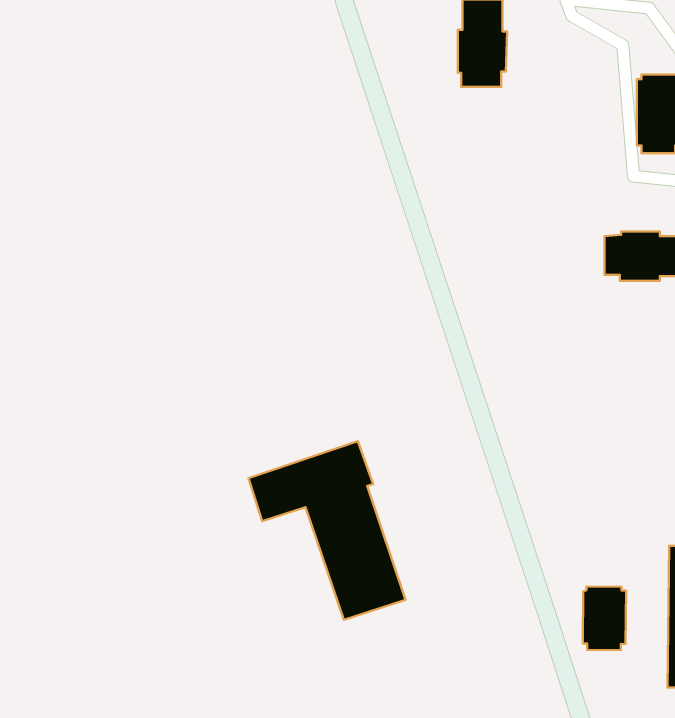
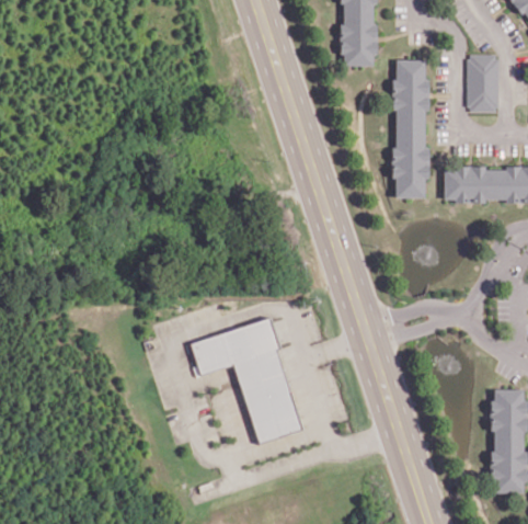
building: none -> [392,60,428,198]
building: [583,586,626,650] -> none

